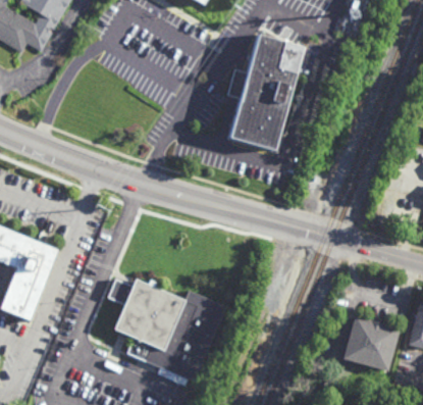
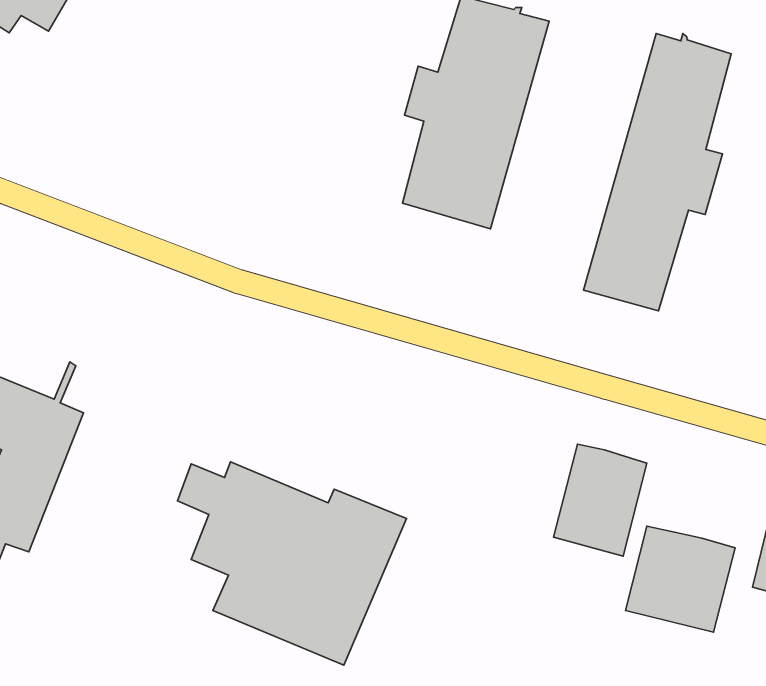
building: none -> [584,33,731,311]
building: none -> [554,444,647,556]

